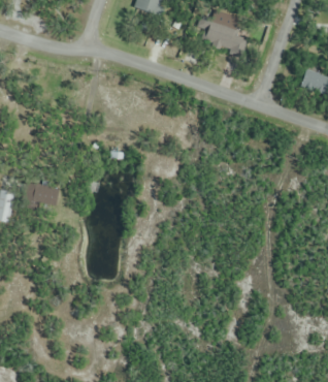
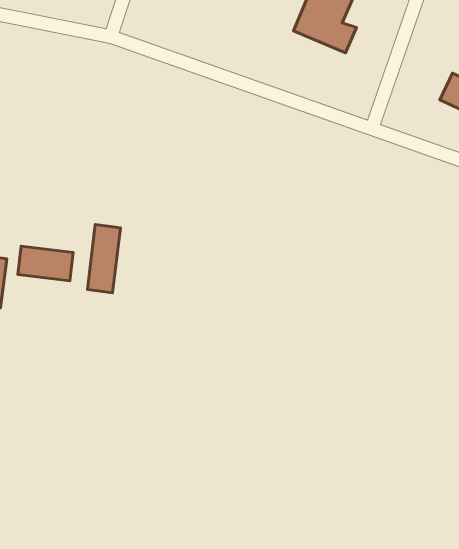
building: none -> [87,225,120,293]

